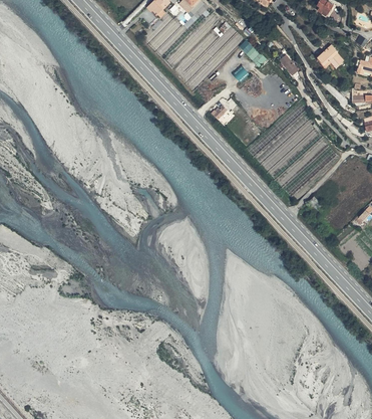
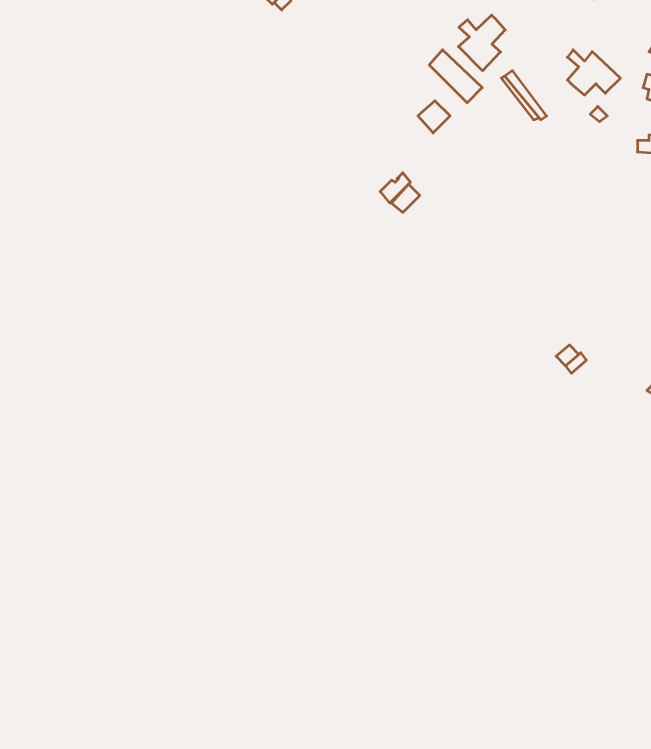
building: none -> [458,15,505,71]

